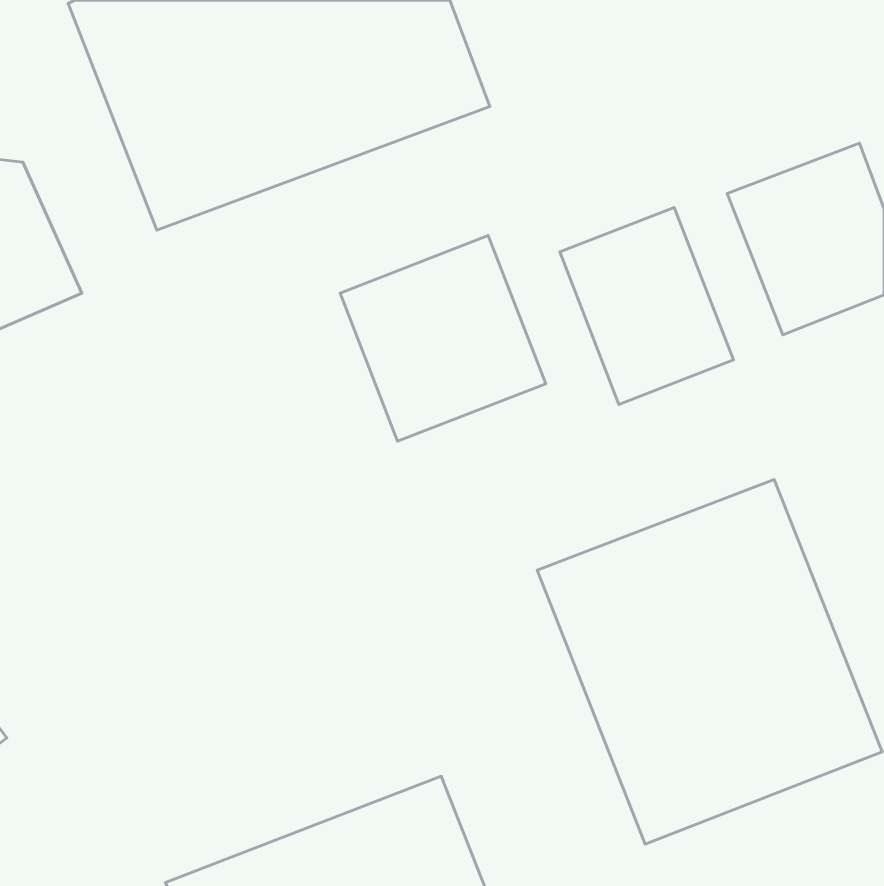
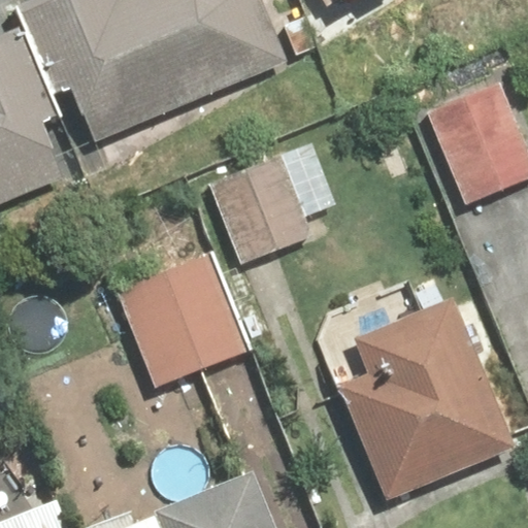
building: [560,207,733,404] -> none
building: none -> [113,246,246,392]

